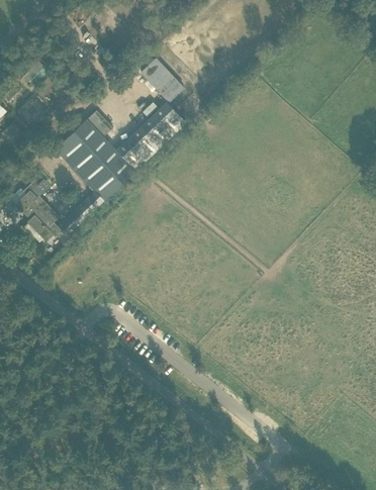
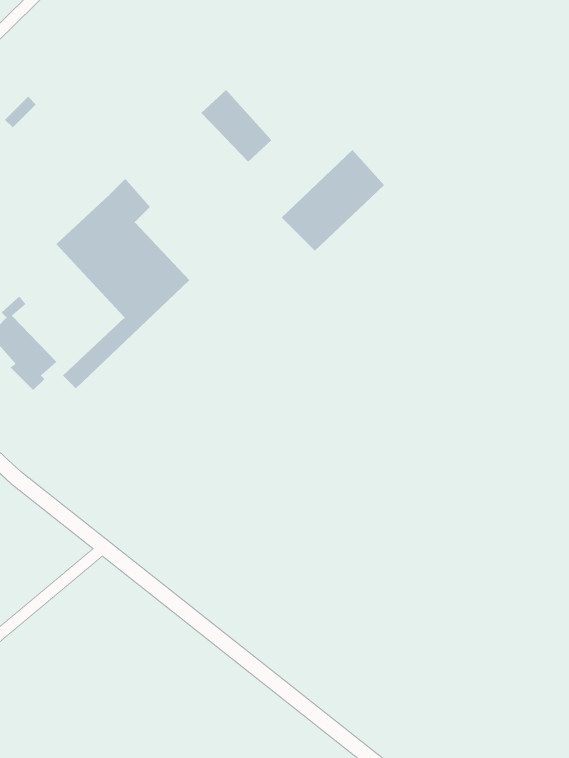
building: [123,101,185,162] -> [281,149,385,252]

